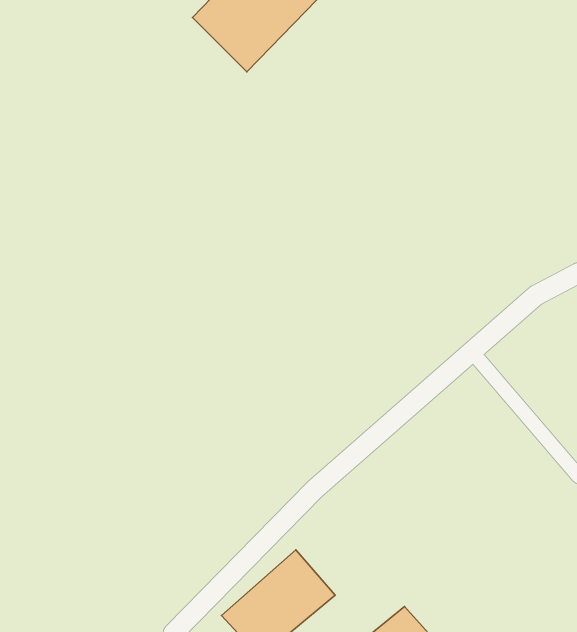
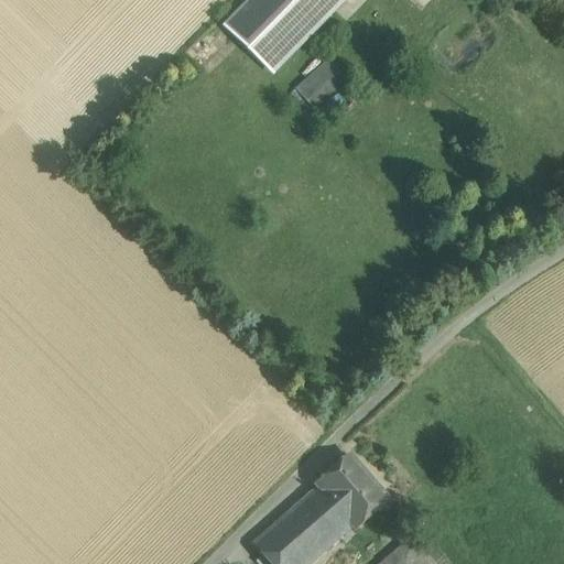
building: none -> [295,61,344,107]
building: none -> [313,453,388,530]

